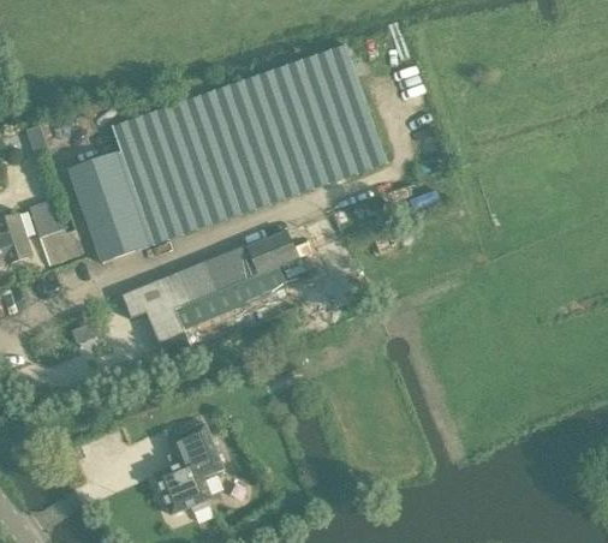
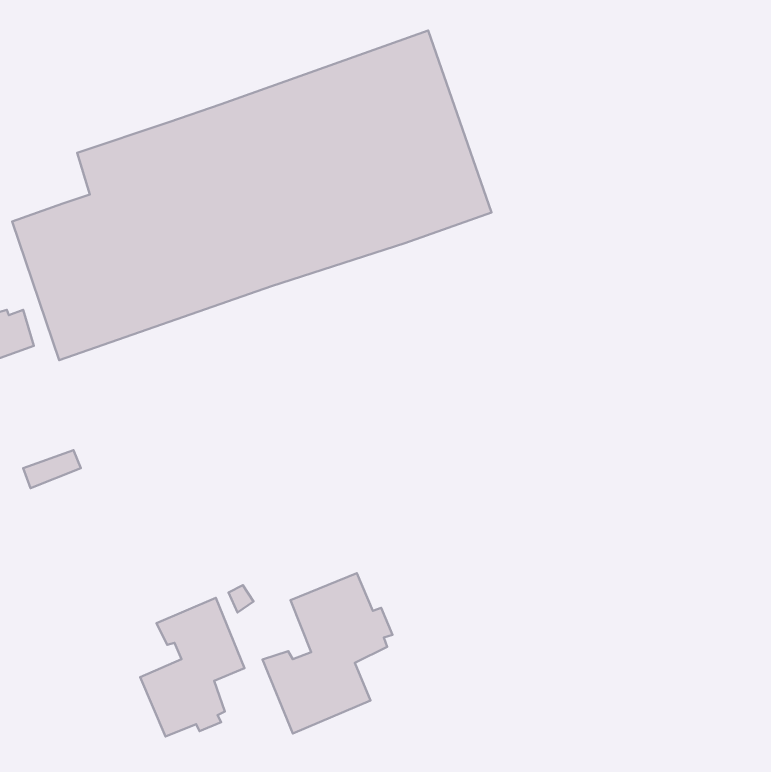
building: [120,228,298,358] -> none
building: none -> [263,573,392,734]

